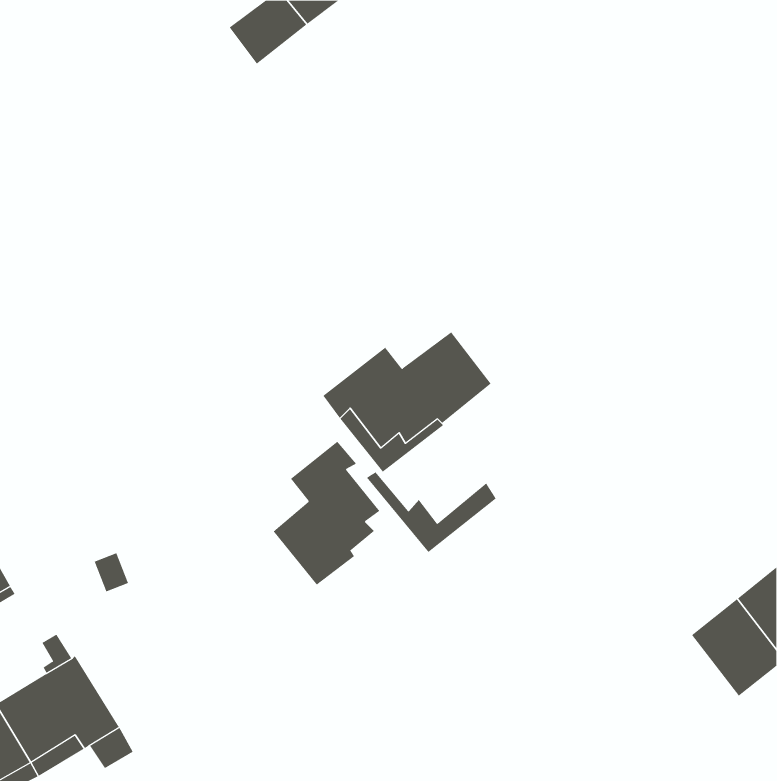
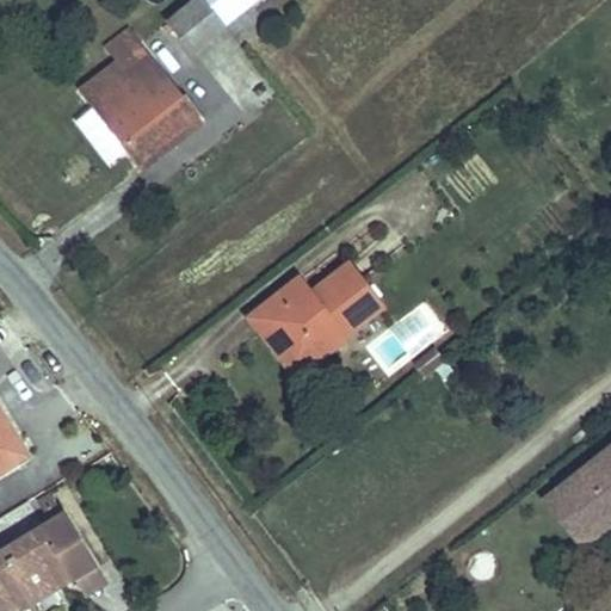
building: none -> [88,48,209,169]
building: [273,441,380,585] -> none
building: [366,472,496,553] -> none

